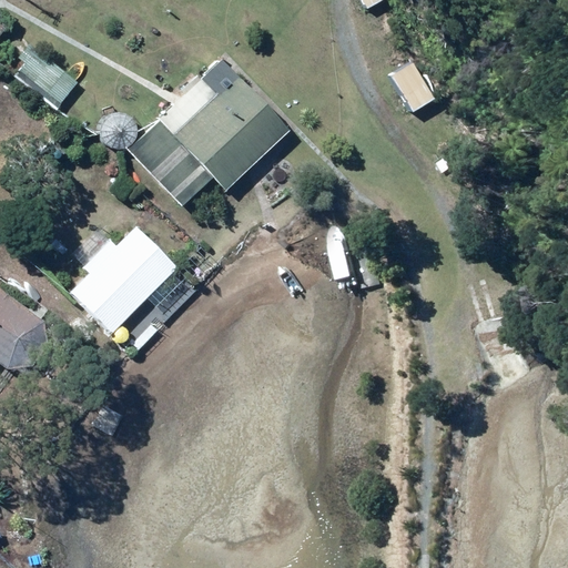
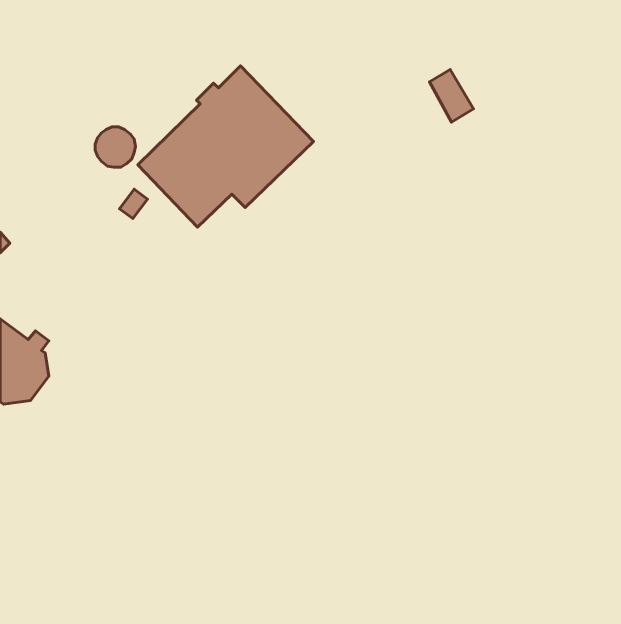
building: [10,44,77,108] -> none
building: [70,225,178,333] -> none

